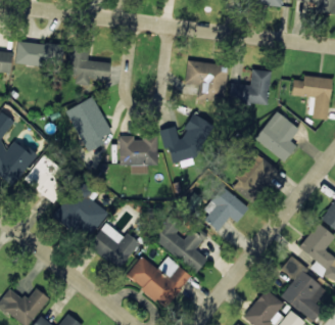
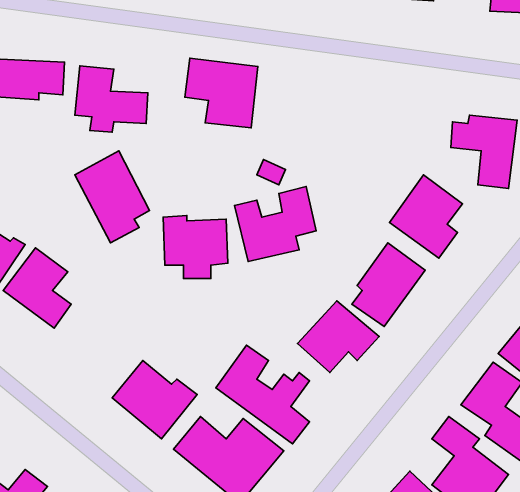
building: [185,60,229,102] -> [185,58,258,128]
building: [231,71,270,105] -> none
building: [54,182,109,240] -> none

